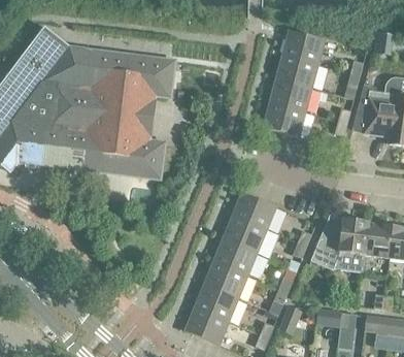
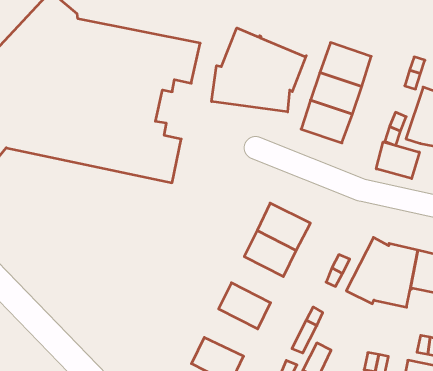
building: [283,28,325,61] -> none
building: none -> [212,28,306,112]
building: none -> [376,142,419,179]
building: [214,236,258,273] -> none
building: [195,282,239,320] -> none

